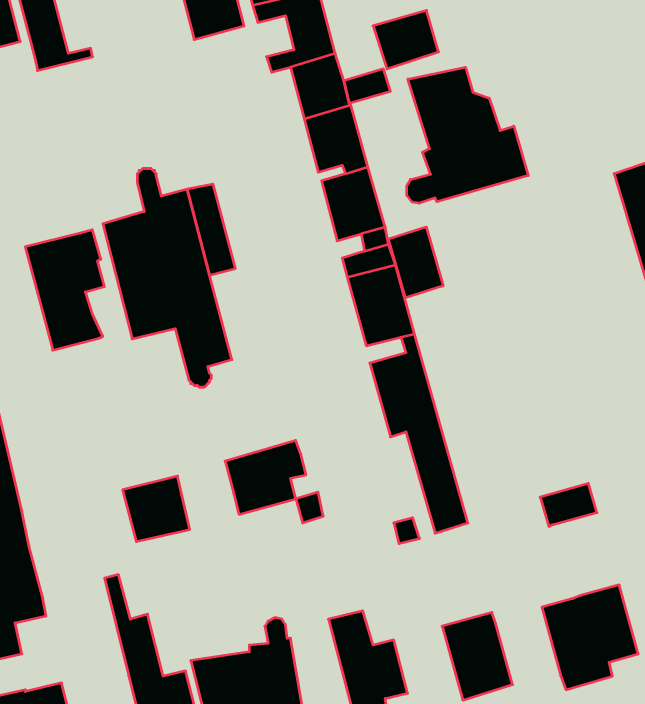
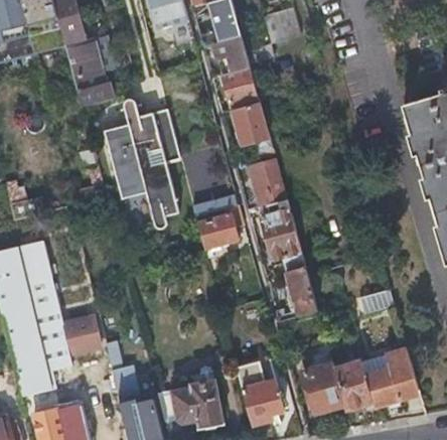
building: [407,67,528,203] -> none
building: [389,227,443,298] -> none
building: [25,230,104,350] -> [66,35,113,106]
building: [225,440,306,514] -> [196,203,244,247]
building: [123,476,190,542] -> [61,315,101,353]
building: none -> [334,355,372,408]

